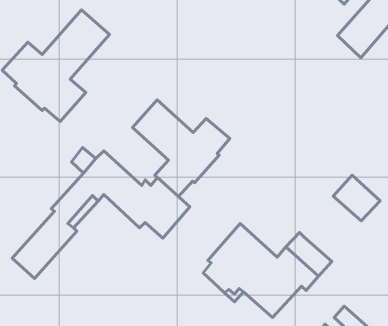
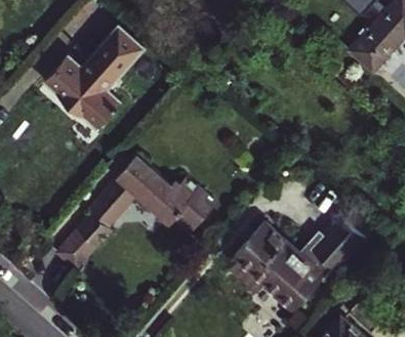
building: [132,100,230,196] -> none
building: [333,175,380,221] -> [321,213,364,255]

